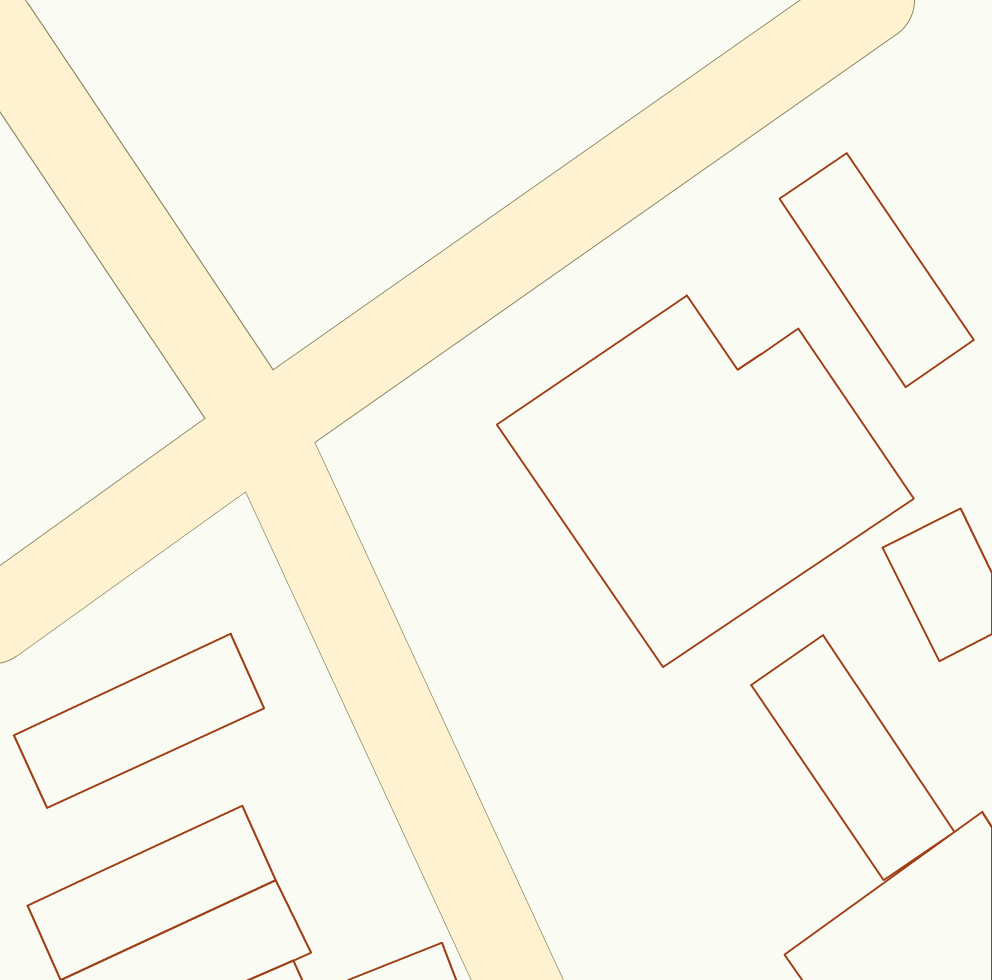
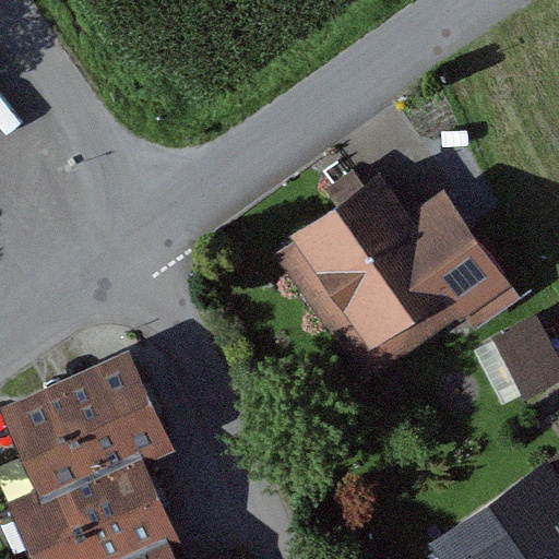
building: [780,153,974,387] -> none
building: [751,635,955,880] -> none
building: none -> [26,406,167,502]

